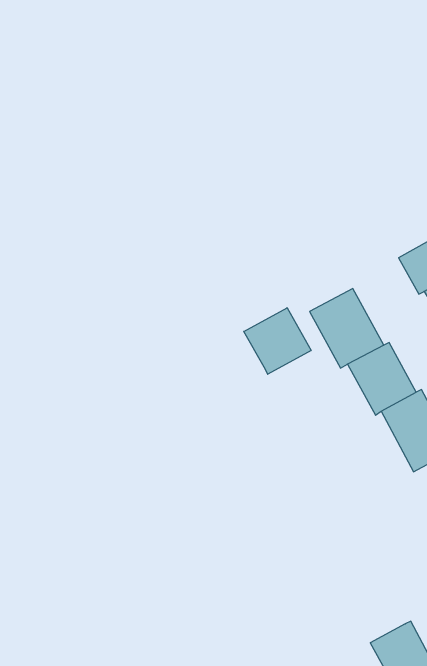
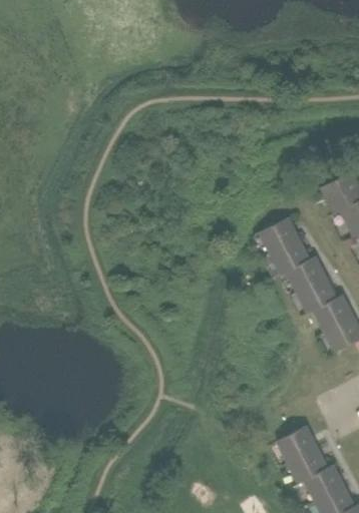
building: [244,308,311,374] -> none
building: none -> [276,426,329,484]

